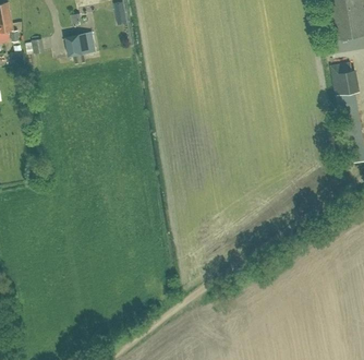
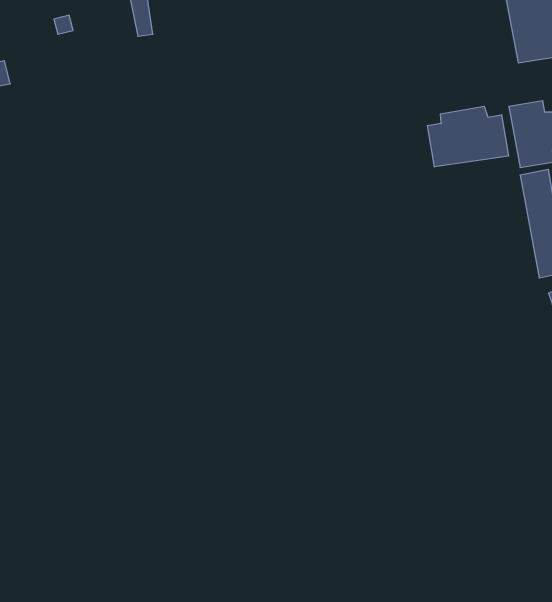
building: [65,32,95,56] -> none
building: none -> [427,106,508,167]

